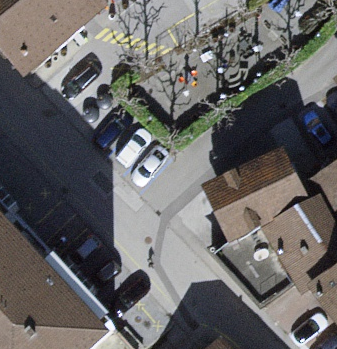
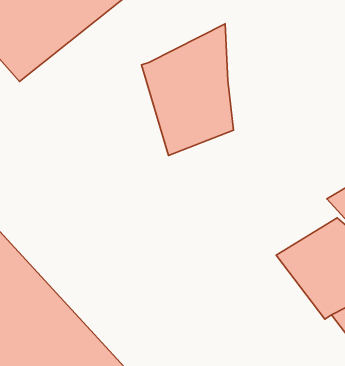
building: none -> [141,24,234,156]
building: [196,149,311,247] -> none

